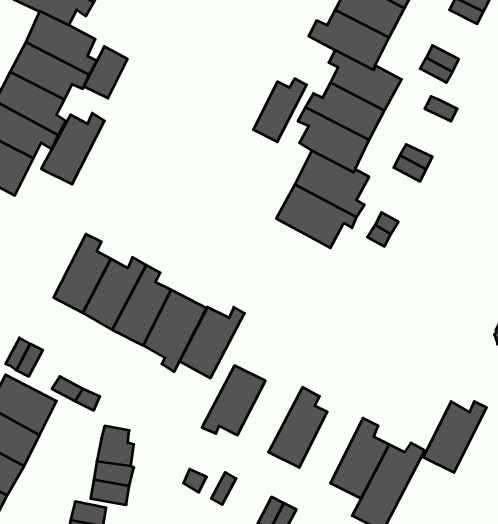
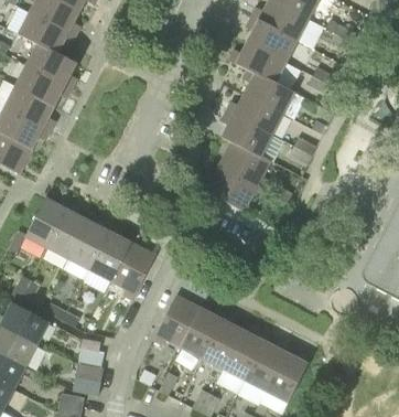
building: [84,46,127,98] -> none
building: [253,79,307,142] -> none
building: [41,113,105,184] -> [24,196,69,247]
building: [180,307,245,378] -> [177,307,224,357]
building: [423,401,487,473] -> [222,329,267,379]

